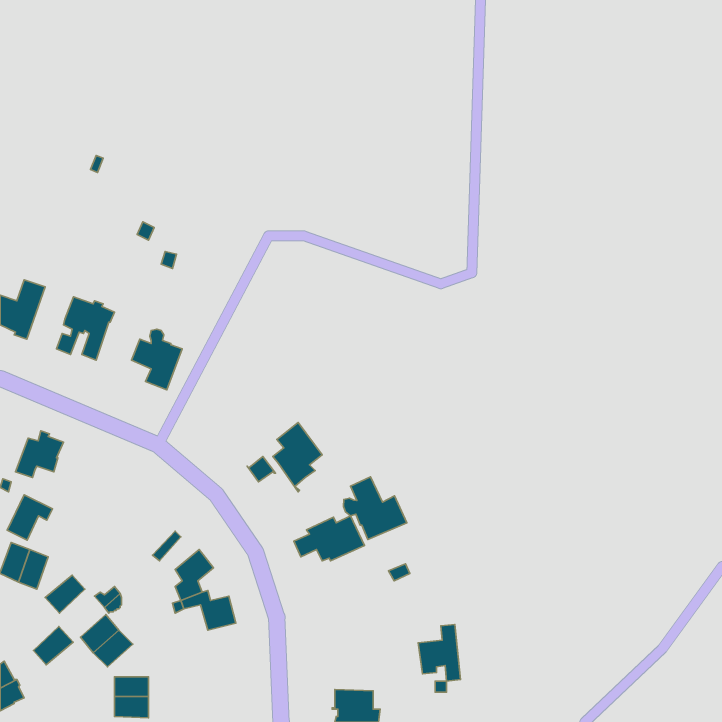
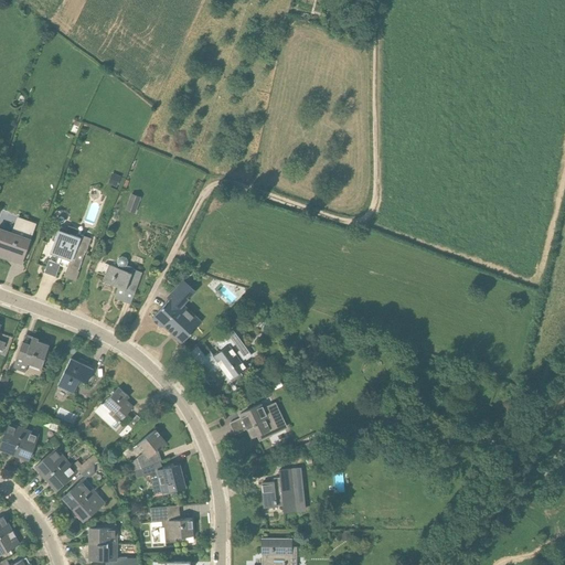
building: none -> [151,280,202,343]
building: [343,477,407,540] -> none
building: [7,495,52,540] -> [57,359,93,394]
building: none -> [99,387,134,425]
building: [418,625,461,681] -> [262,469,295,513]
building: [34,627,73,665] -> [46,460,77,490]
building: none -> [150,505,193,537]

